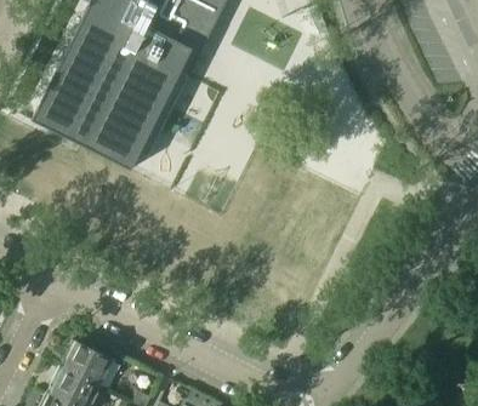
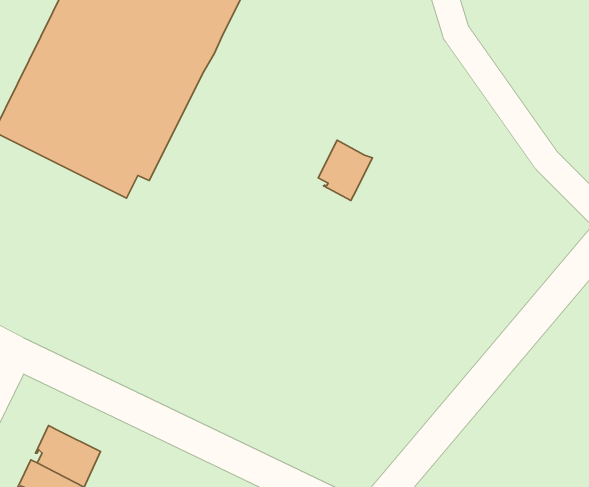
building: none -> [318,140,372,201]

